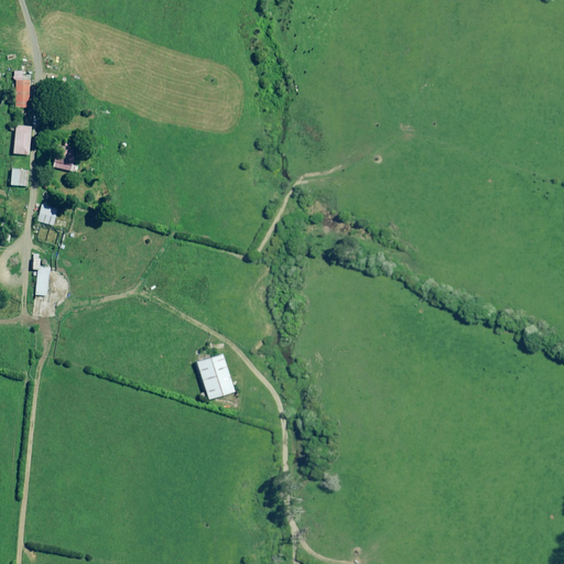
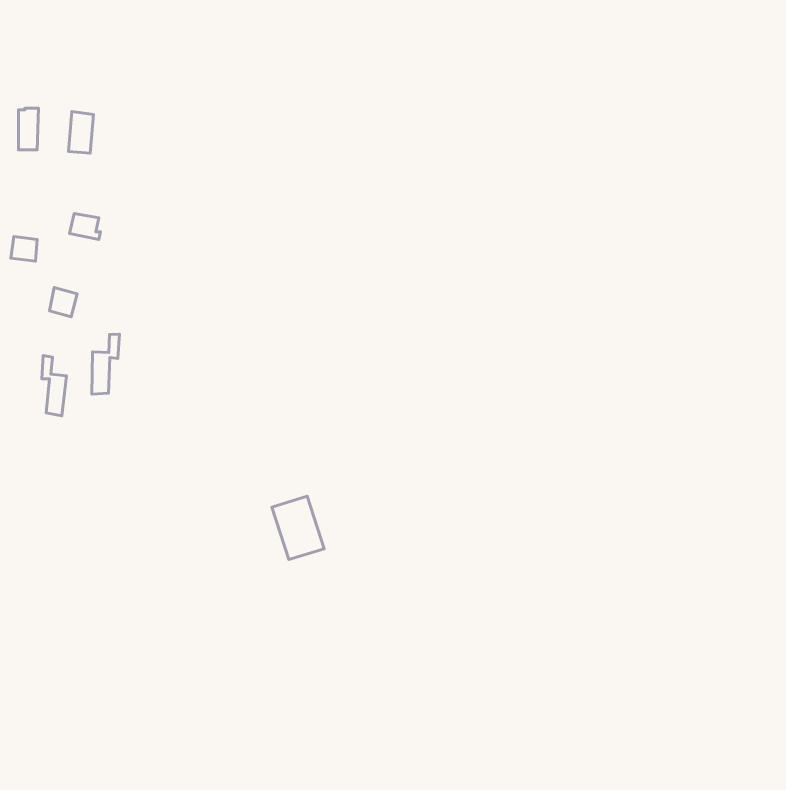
building: [13,124,31,154] -> [69,111,93,153]
building: none -> [92,334,120,394]

